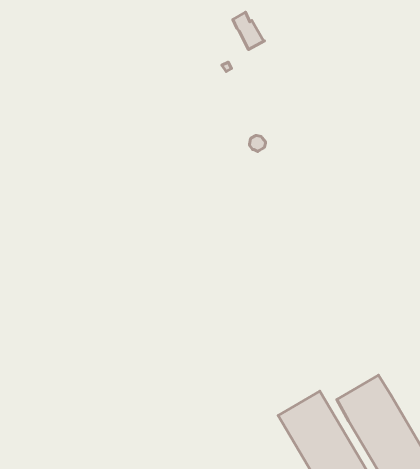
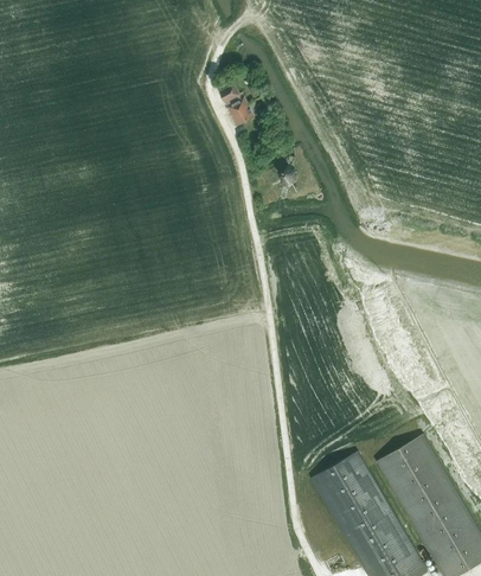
building: [233,12,265,49] -> [220,84,256,126]

